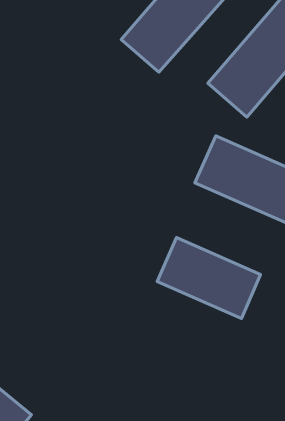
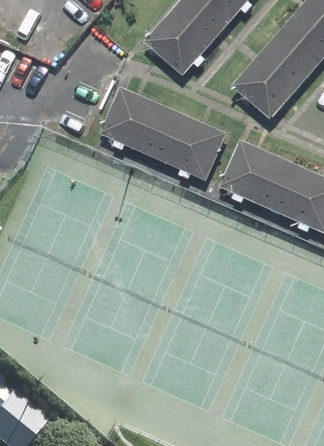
building: none -> [99,88,225,180]
building: [157,238,261,319] -> none

